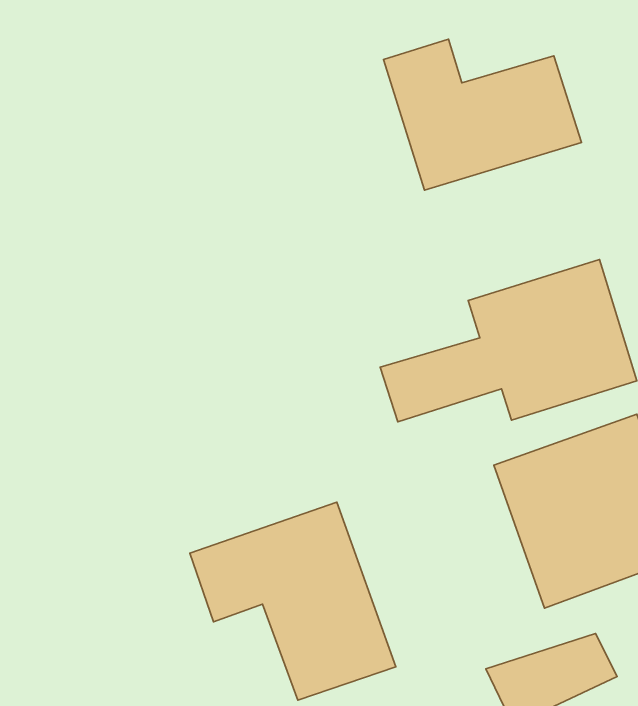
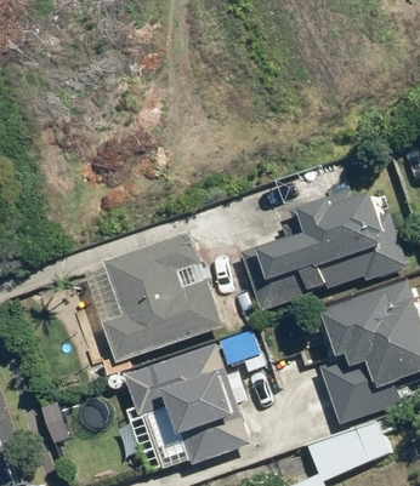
building: [384,39,582,190] -> none
building: none -> [102,229,222,361]

